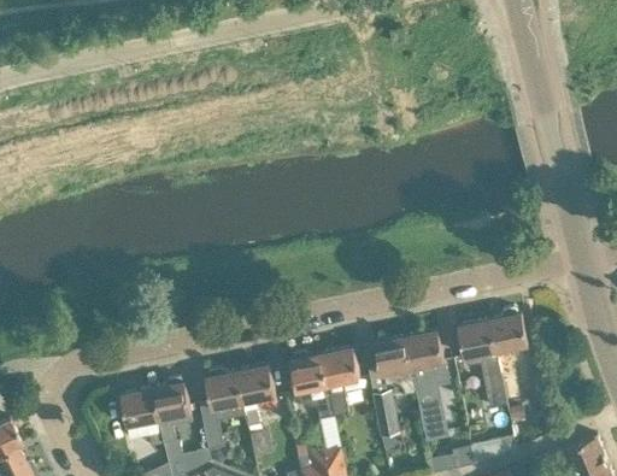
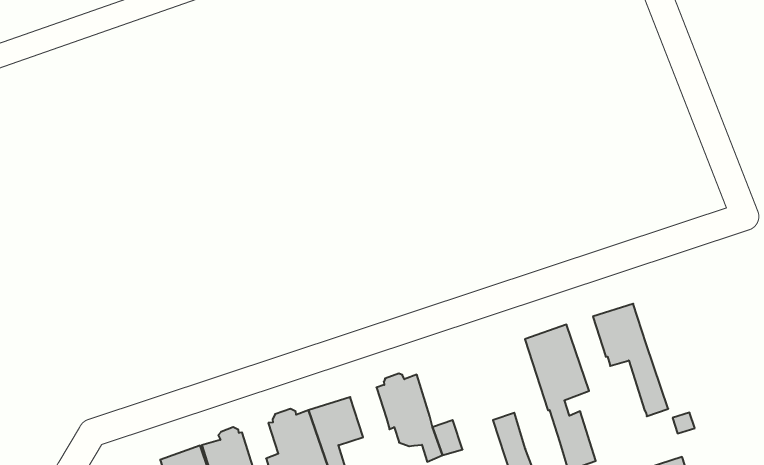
building: [489,308,531,402] -> none
building: [374,337,416,395] -> none
building: [321,347,359,387] -> none

